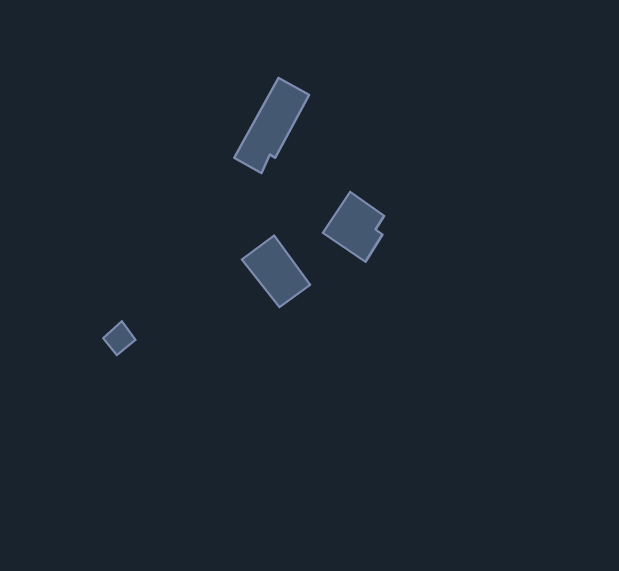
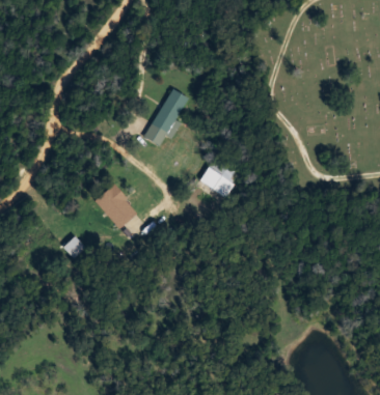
building: [242,236,310,307] -> [96,185,137,228]

